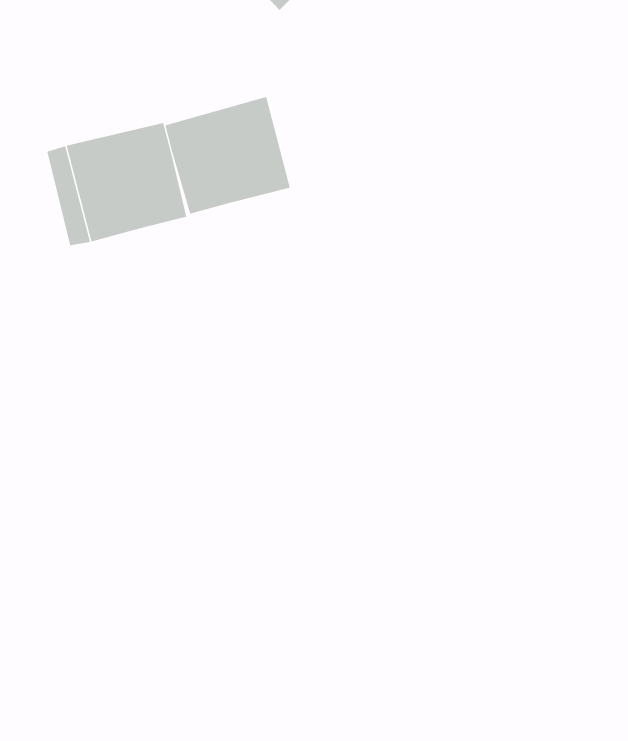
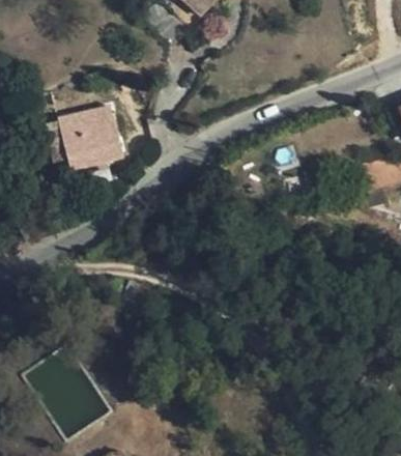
building: [165,96,291,214] -> none

